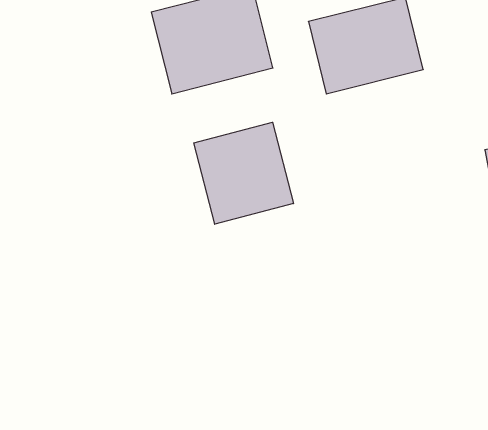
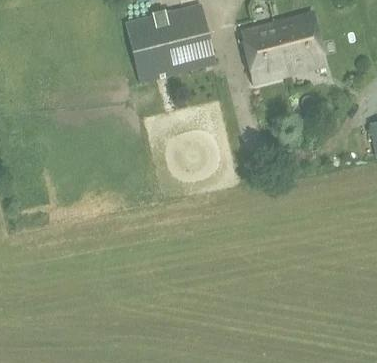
building: [194,122,293,224] -> none

